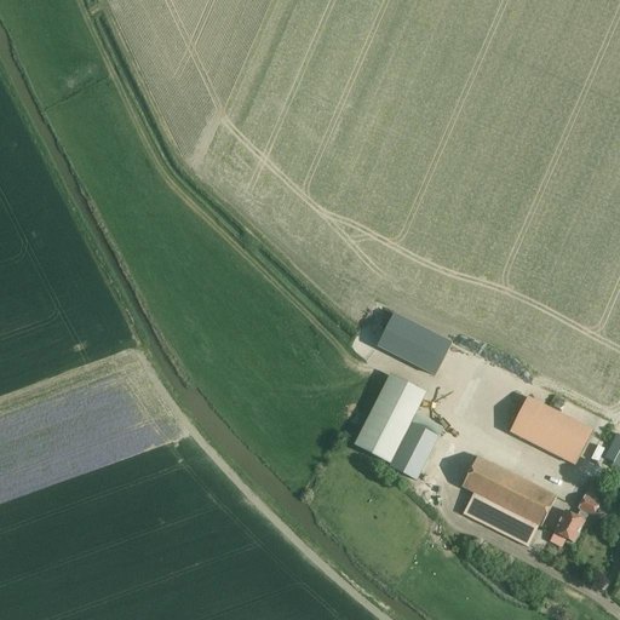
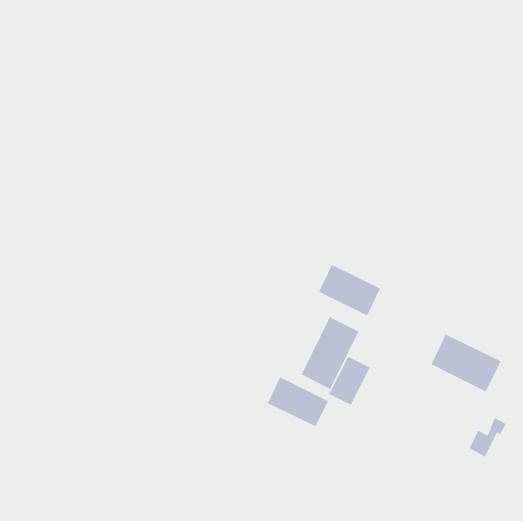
building: none -> [267,377,329,427]
building: [461,457,556,546] -> none

